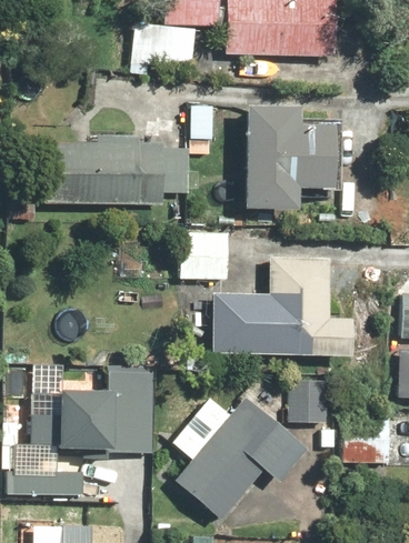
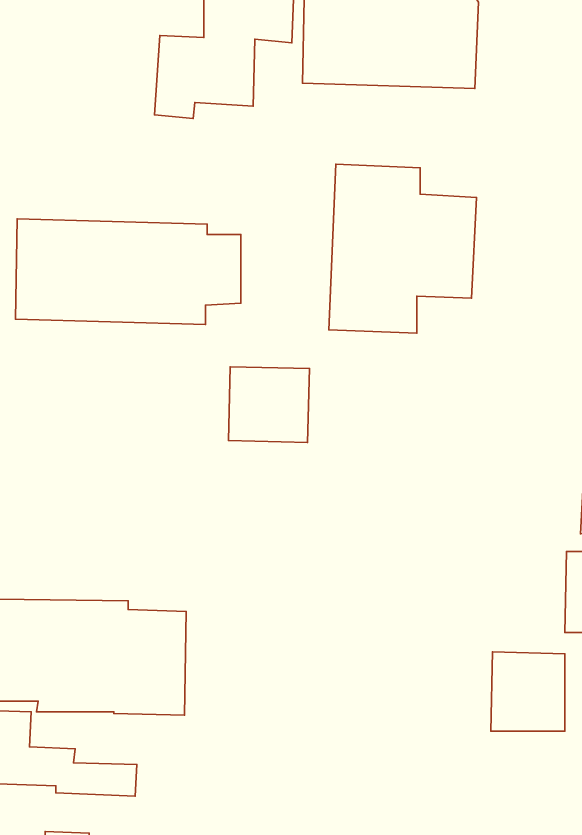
building: [233,255,350,360] -> none
building: [288,378,329,423] -> none
building: [173,398,306,521] -> none

